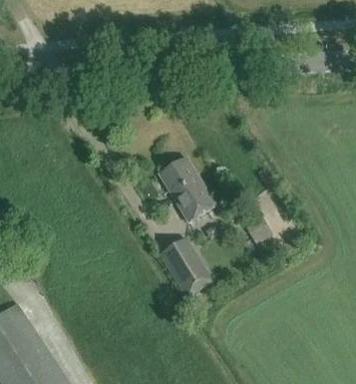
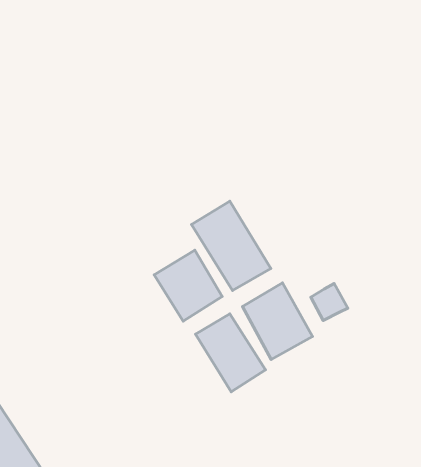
building: none -> [154,250,222,321]
building: none -> [243,283,312,360]

